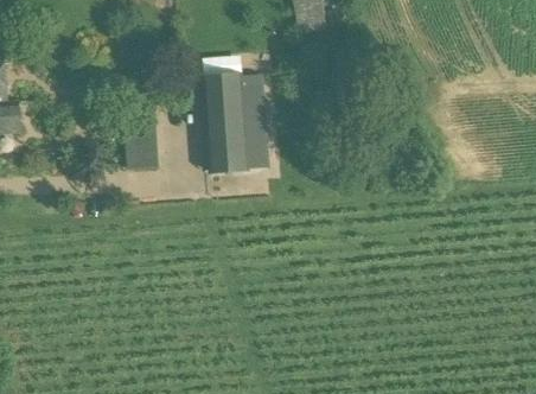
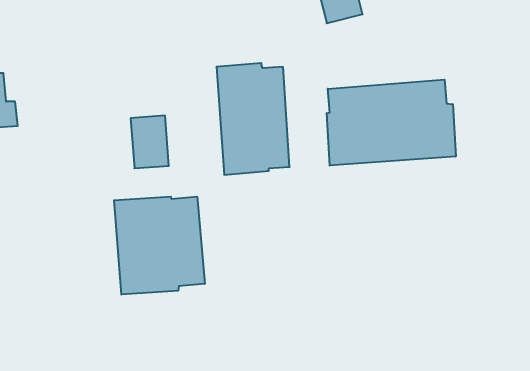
building: none -> [327,80,456,166]
building: none -> [114,197,205,295]

